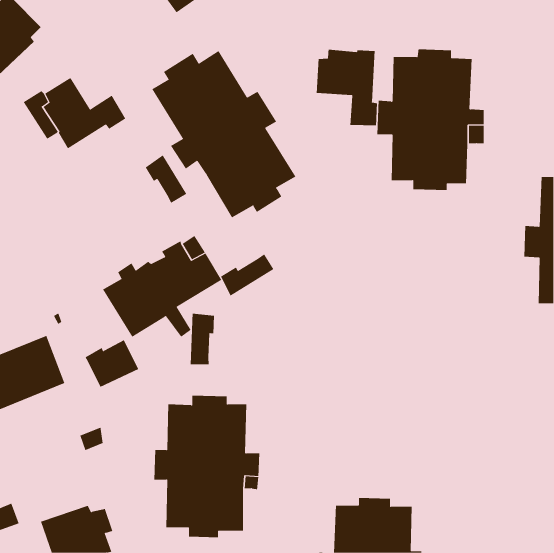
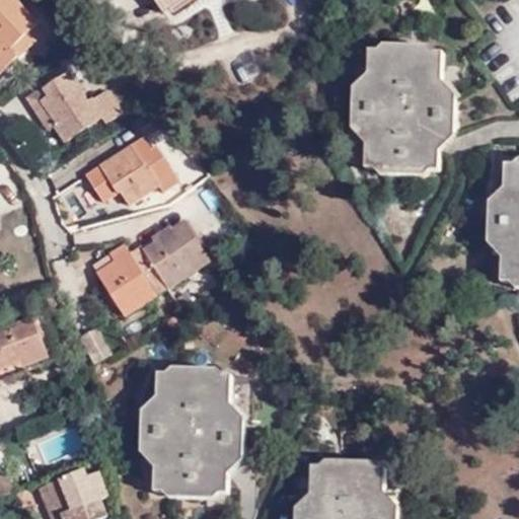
building: [316,49,378,126] -> none
building: [151,50,296,218] -> none
building: none -> [97,145,156,203]
building: [220,253,274,296] -> none
building: [190,313,215,365] -> none

